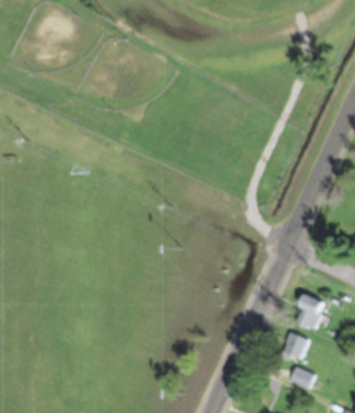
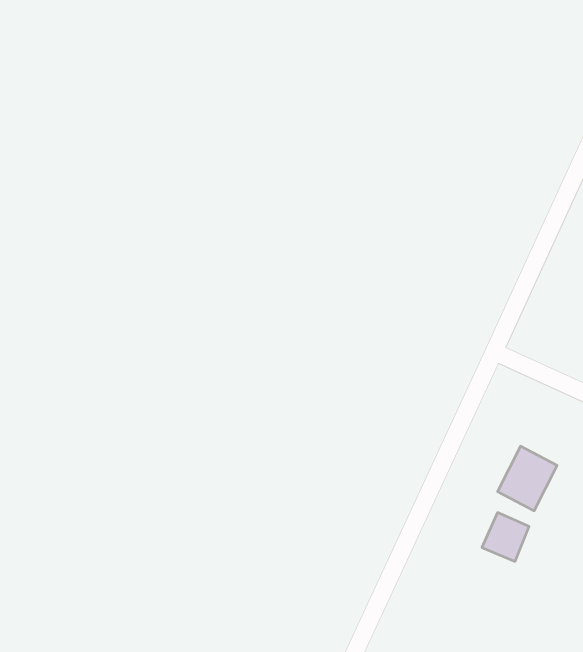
building: [288,366,315,388] -> none

